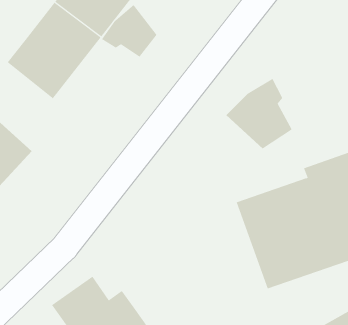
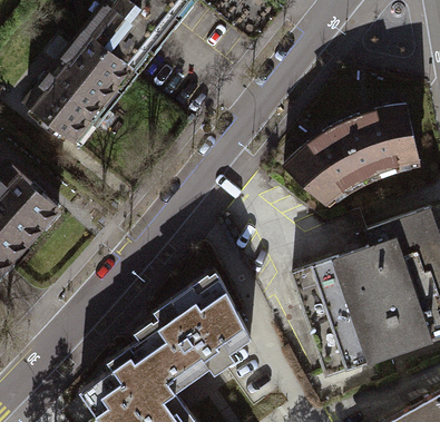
building: [101,4,157,58] -> none
building: none -> [338,107,417,185]
building: none -> [123,279,250,394]

